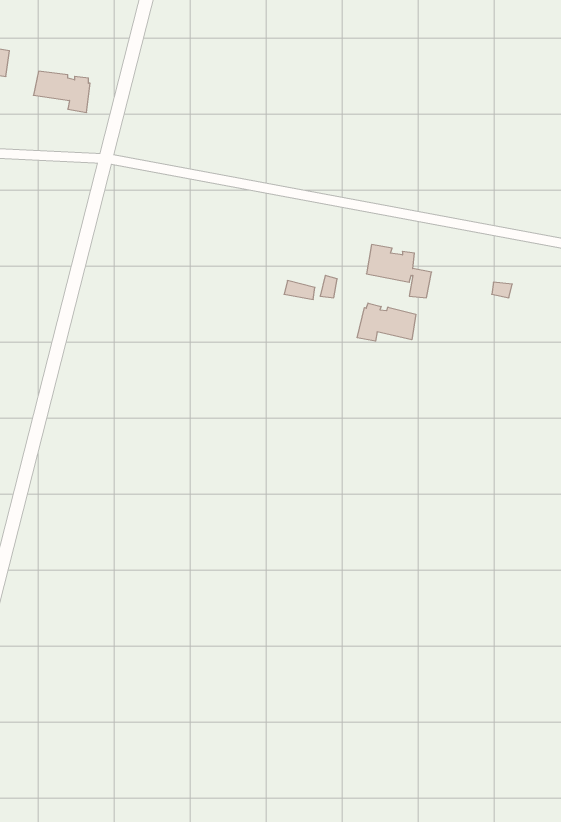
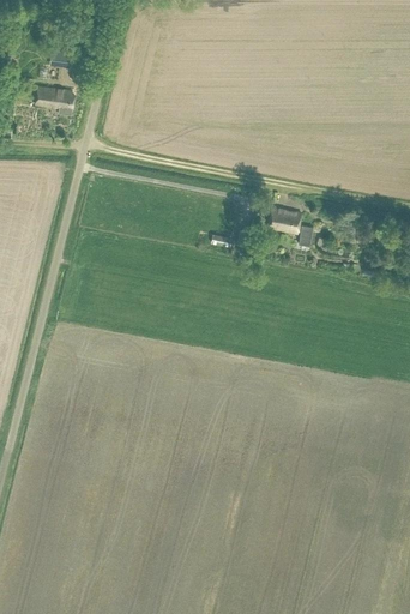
building: [357,303,416,341] -> none

